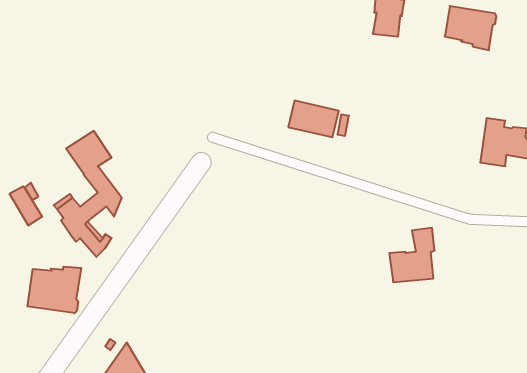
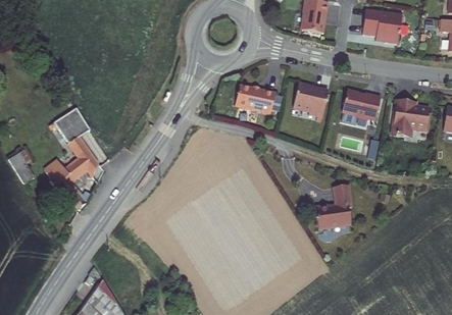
building: none -> [291,81,327,115]
building: none -> [341,89,380,123]
building: [27,267,81,313] -> none

